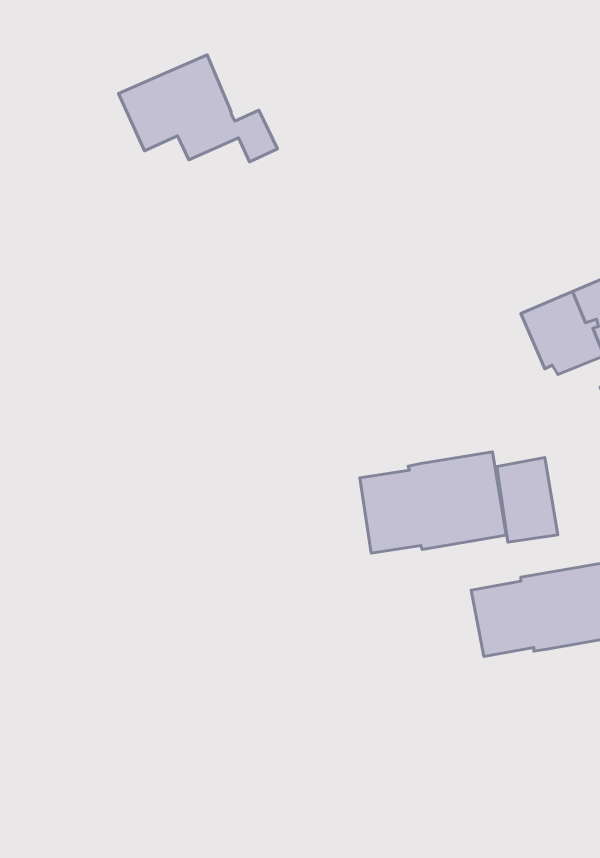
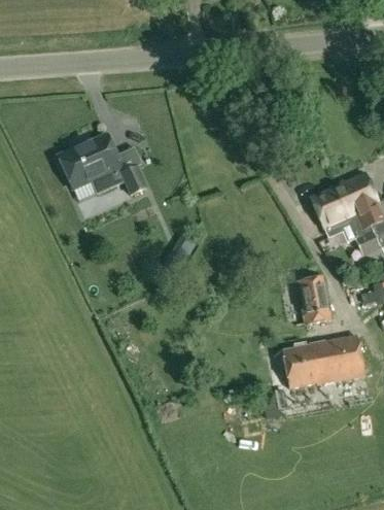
building: [119,55,277,162] -> [58,134,146,194]
building: [360,452,506,553] -> none

